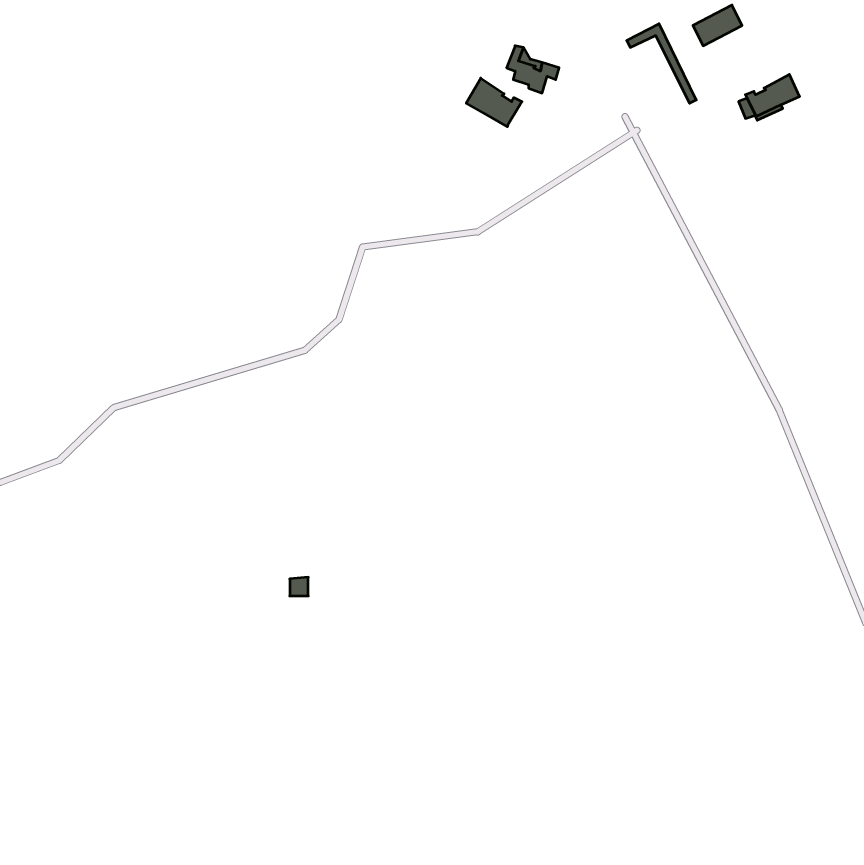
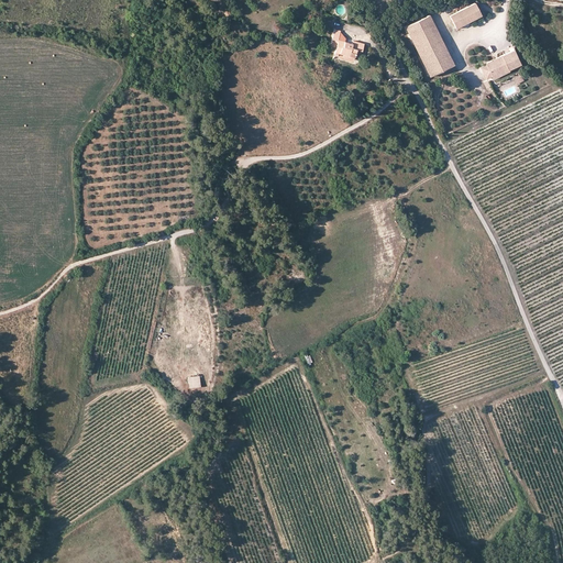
building: none -> [410,23,449,75]
building: [466,78,522,127] -> none

